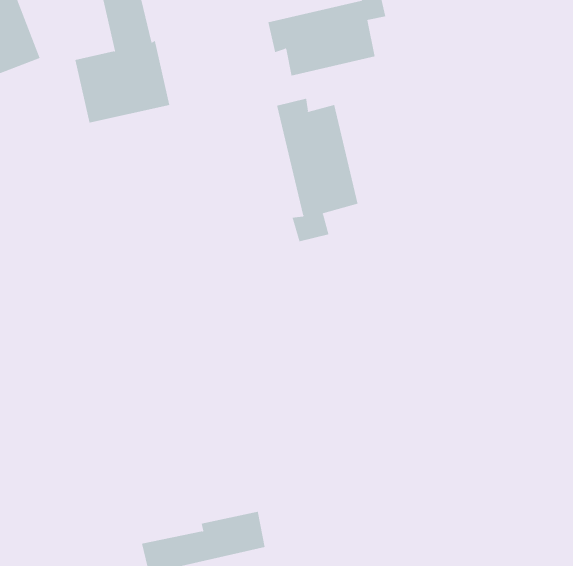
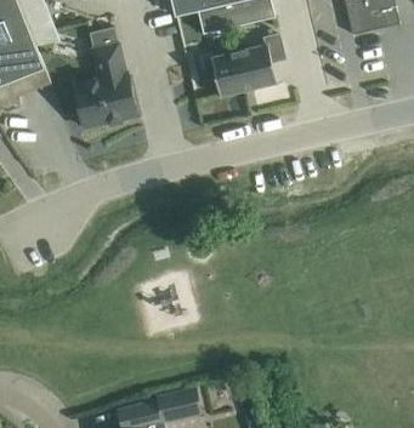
building: [276,98,358,242] -> none

